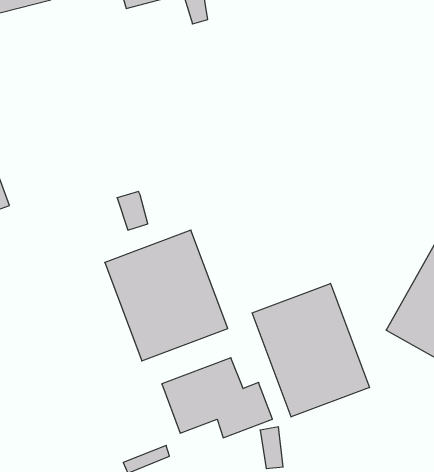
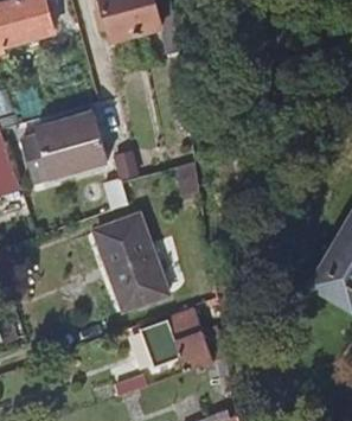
building: none -> [19,114,105,184]
building: [252,283,369,417] -> none

